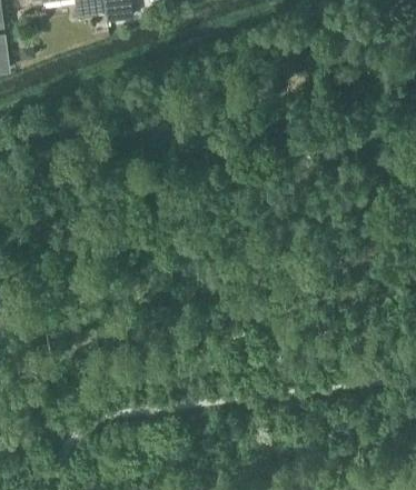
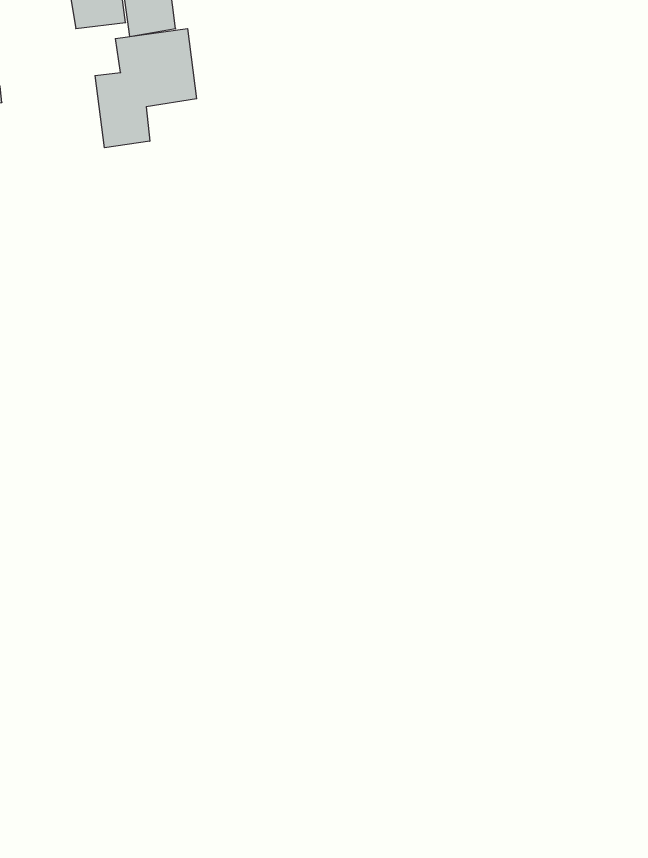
building: none -> [95,29,197,148]

